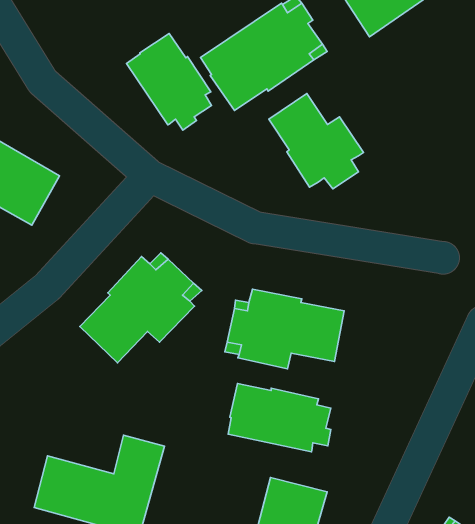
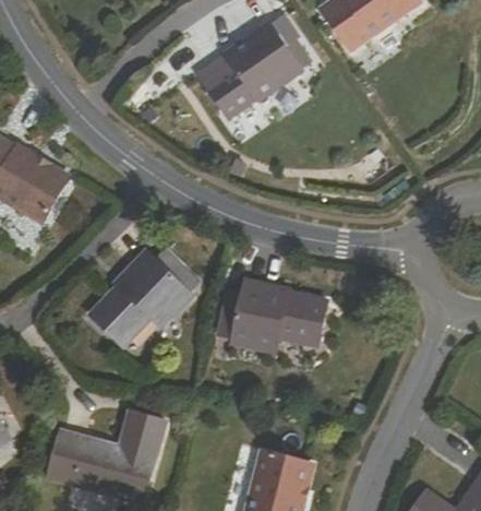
building: [127,33,212,130] -> none
building: [269,94,363,189] -> none
building: [228,383,331,452] -> none

